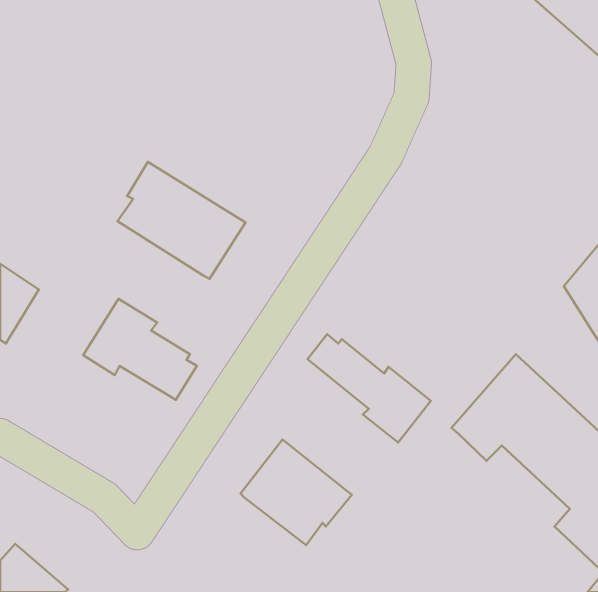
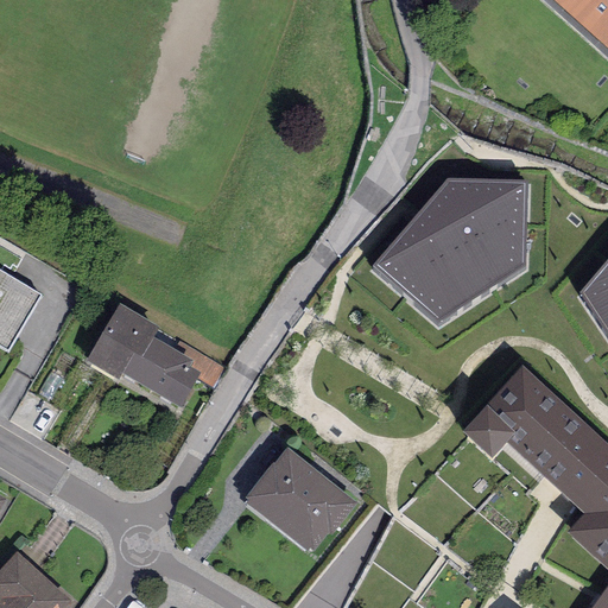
building: [118,162,245,279] -> none
building: none -> [363,169,536,334]
building: [307,334,431,442] -> none

